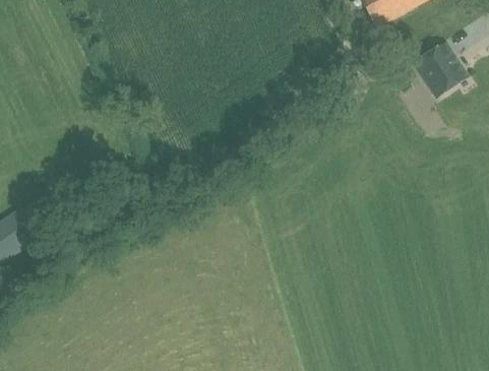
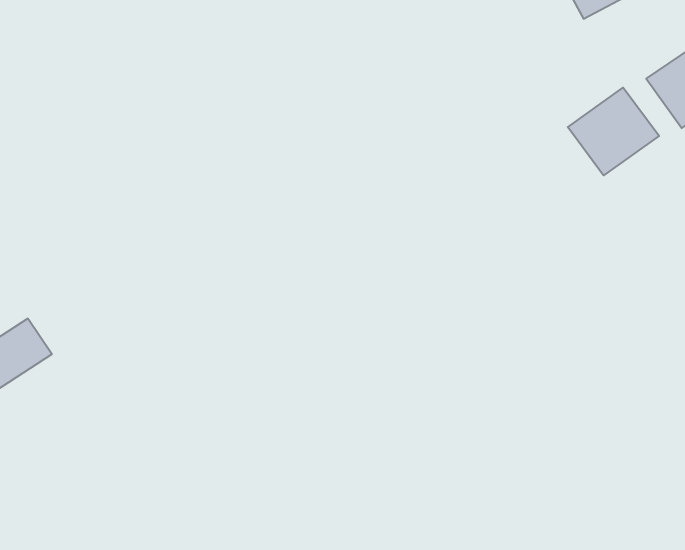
building: none -> [568,88,659,175]

